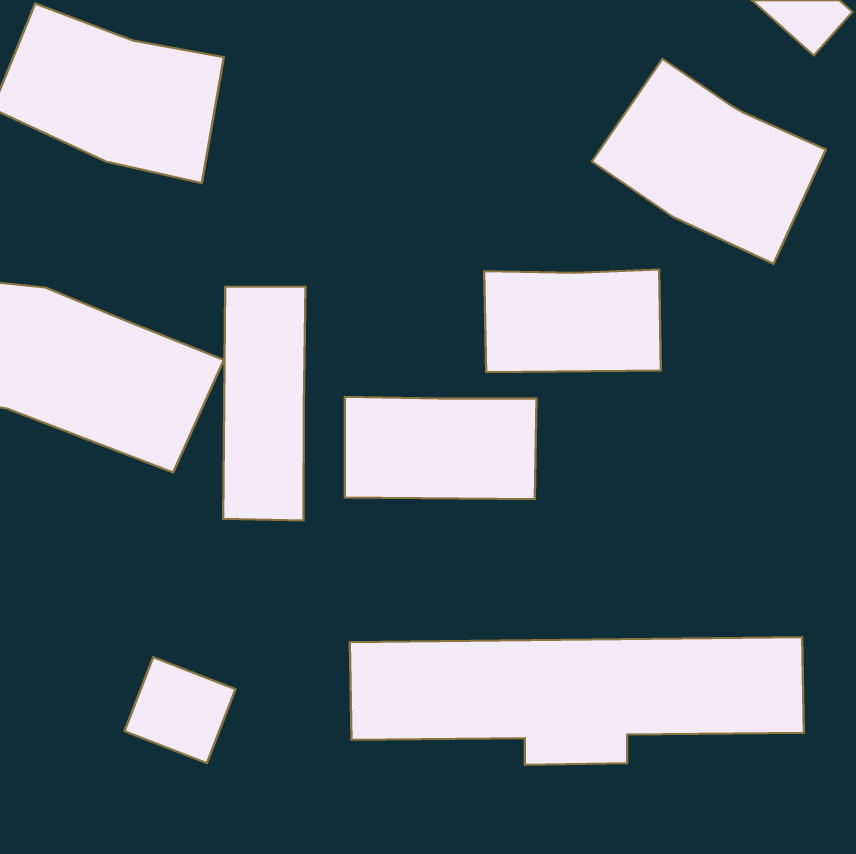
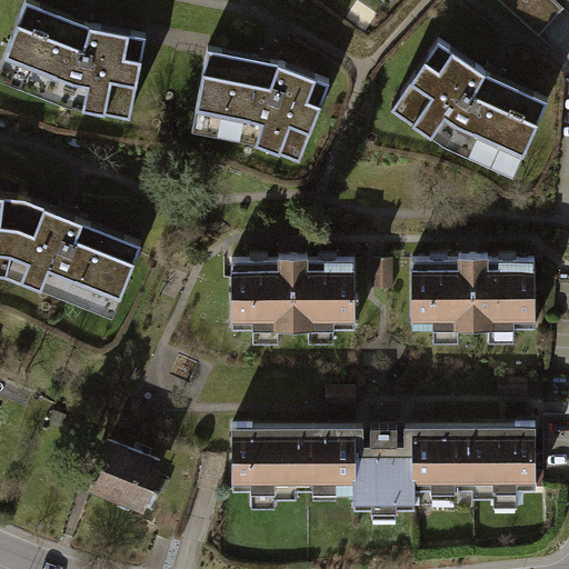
building: none -> [196,52,333,162]
building: [484,270,661,372] -> [409,266,526,333]
building: [223,287,305,521] -> none

